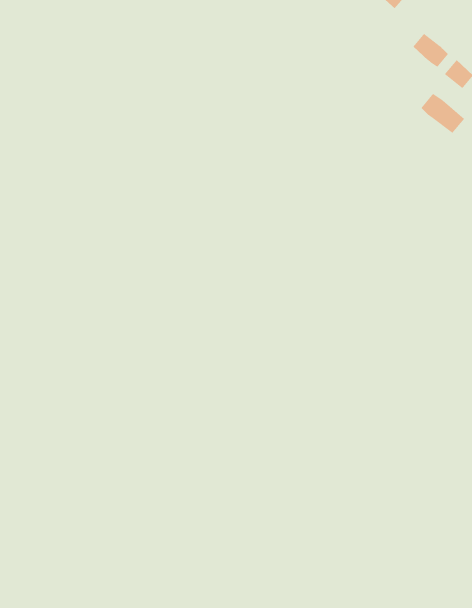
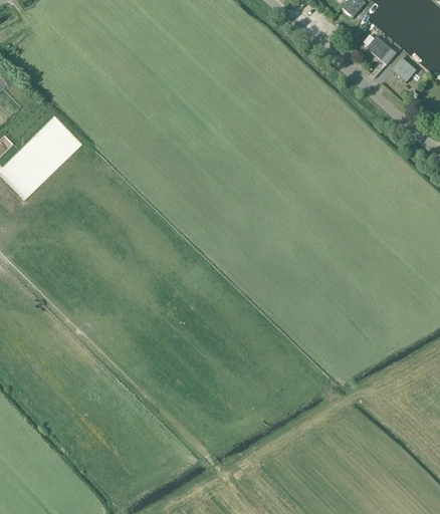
building: [420,93,465,134] -> none

